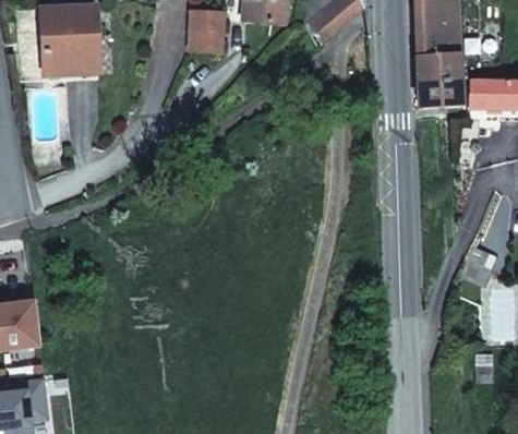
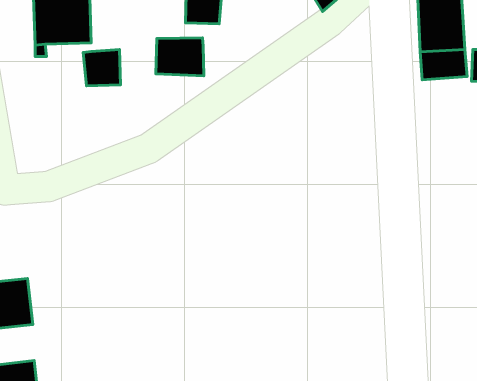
building: none -> [156,38,204,76]
building: none -> [83,49,120,86]

